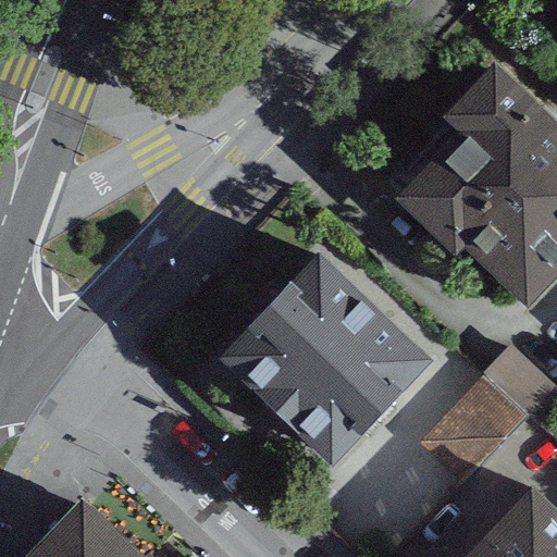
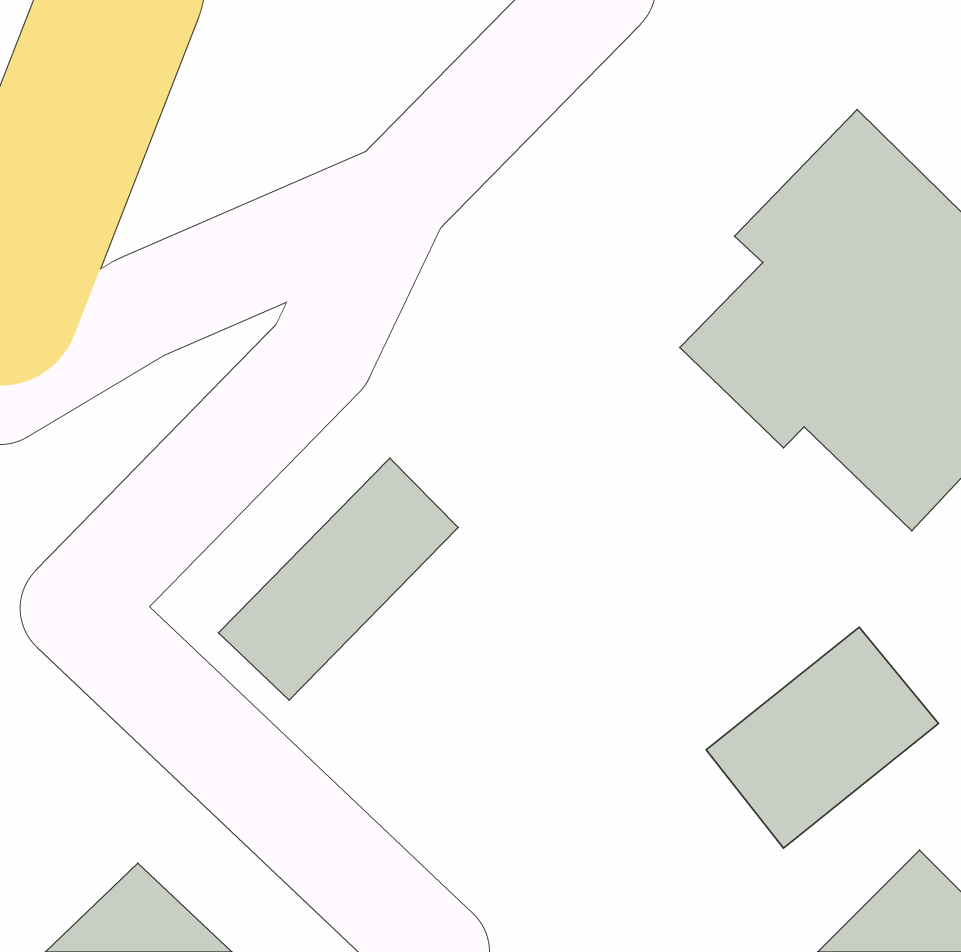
building: [219,255,434,469] -> none
building: none -> [218,458,458,700]

